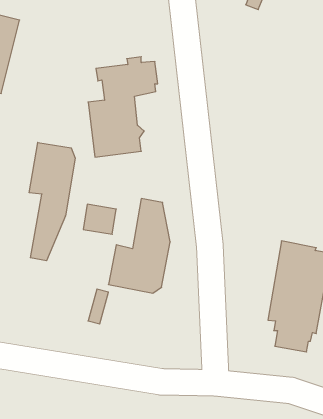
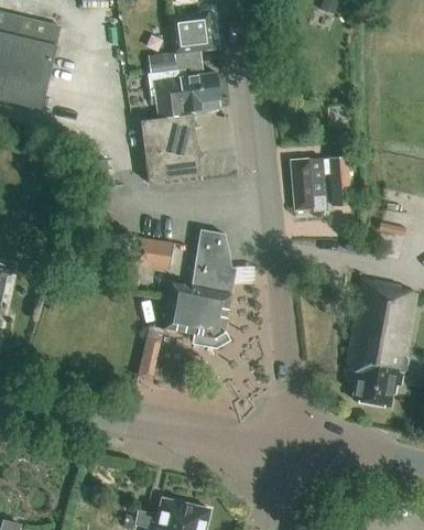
building: none -> [148,12,214,74]
building: none -> [290,156,352,212]
building: [29,142,75,261] -> none

